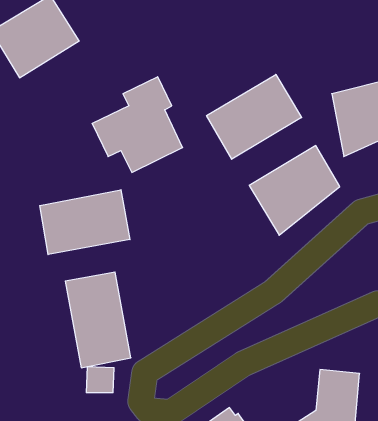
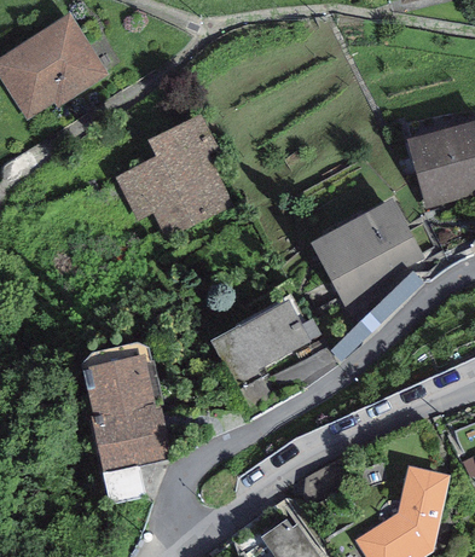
building: [207,74,302,159] -> none
building: [40,190,130,255] -> none
building: none -> [191,300,315,400]

